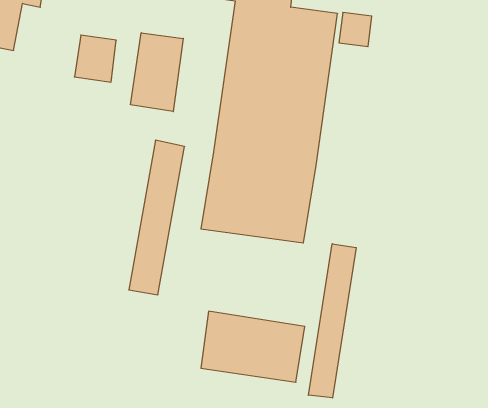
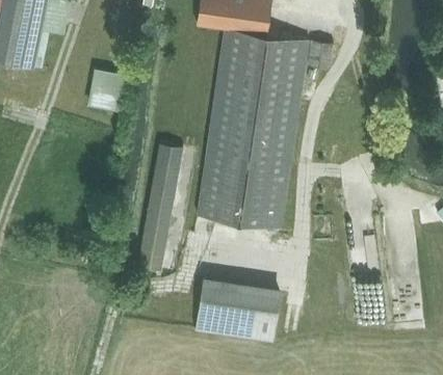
building: [131,33,183,112] -> none
building: [308,244,356,398] -> none

